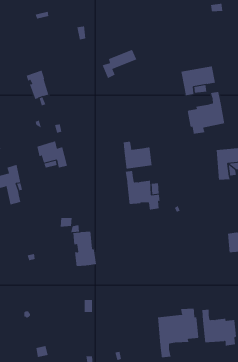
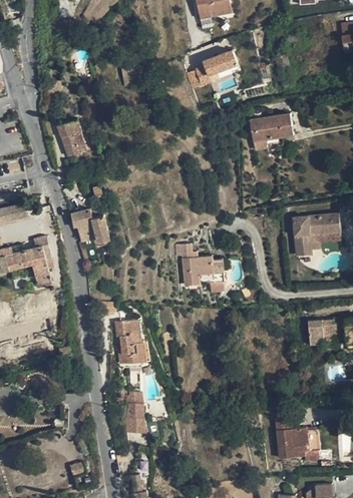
building: [102,49,137,79] -> [193,50,237,87]
building: [187,91,225,134] -> none
building: [123,141,152,170] -> none
building: [158,308,199,358] -> none

